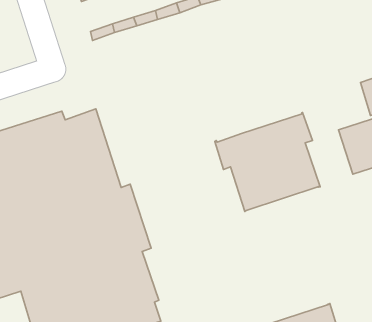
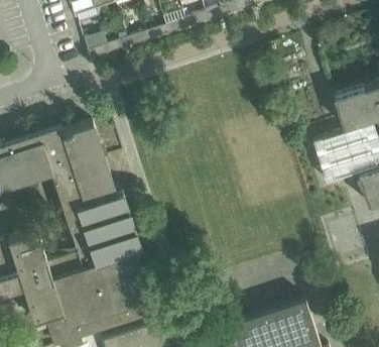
building: [215,112,320,211] -> none

